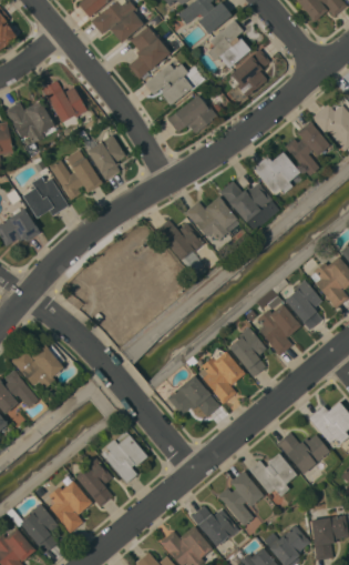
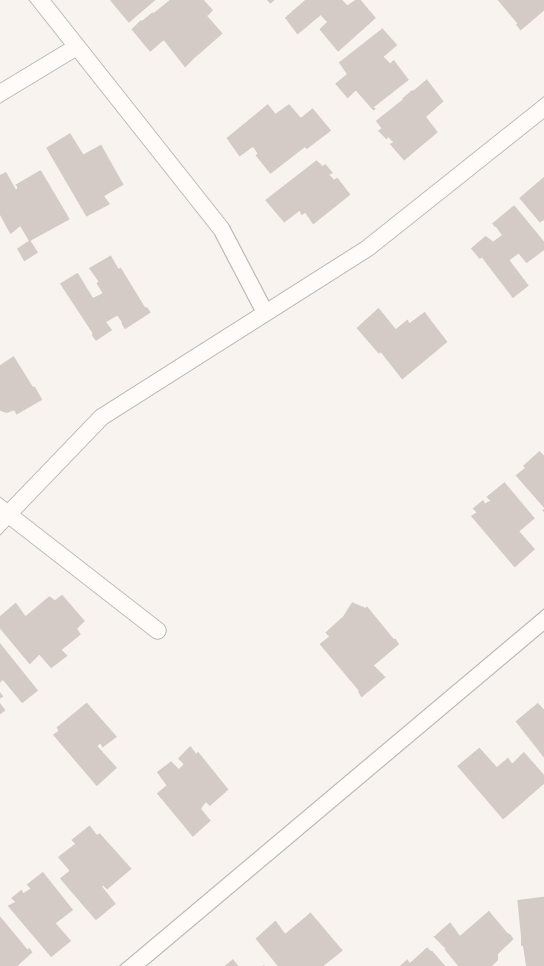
building: [129,26,171,79] -> none
building: [88,134,126,180] -> none
building: [254,152,299,193] -> none
building: [23,176,69,218] -> none
building: [185,196,239,240] -> none
building: [156,219,204,260] -> none
building: [258,304,301,355] -> none
building: [229,327,267,377] -> none
building: [167,375,220,417] -> none
building: [249,453,297,496] -> none
building: [75,457,113,506] -> [52,702,118,787]
building: [218,471,264,526] -> none
building: [192,505,239,546] -> none

